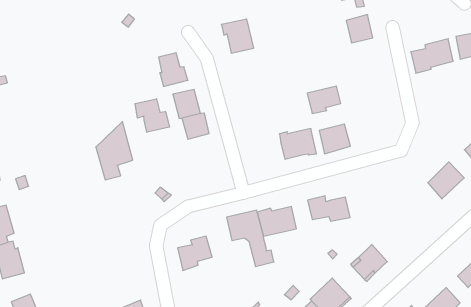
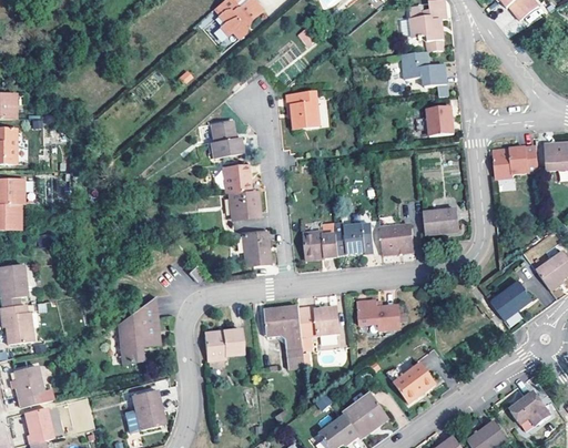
building: [307,86,341,113] -> [423,208,458,235]
building: [135,99,170,132] -> none
building: [96,121,133,180] -> [119,298,158,360]
building: none -> [303,232,337,258]
building: none -> [241,230,270,265]

